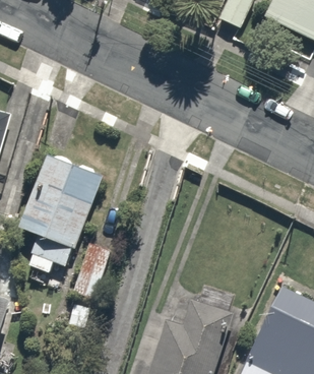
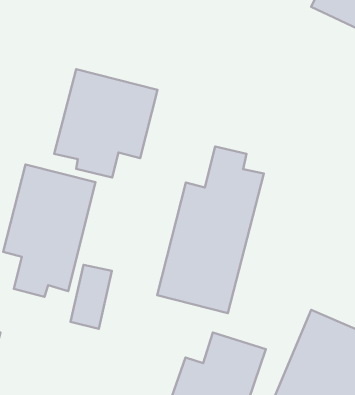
building: none -> [54,69,157,177]
building: none -> [157,146,264,313]

